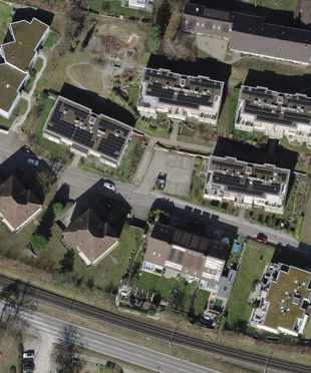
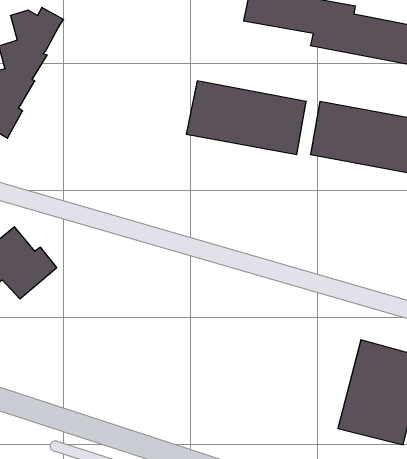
building: [43,97,134,166] -> none
building: [205,158,286,206] -> none
building: [62,212,118,262] -> none
building: [143,220,230,282] -> none

